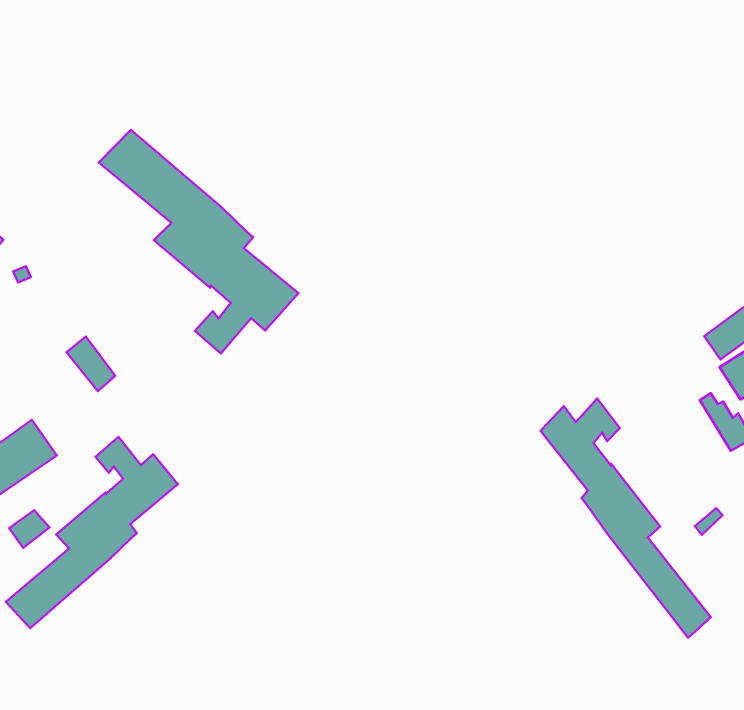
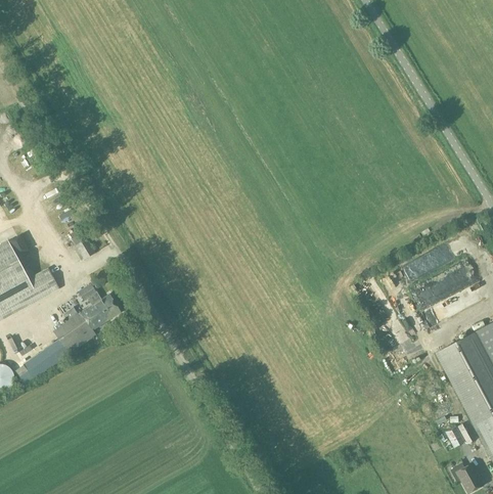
building: [99,130,298,353] -> none
building: [540,399,711,638] -> none

